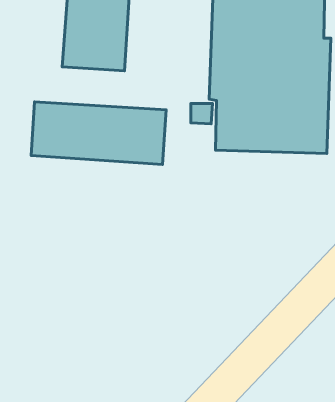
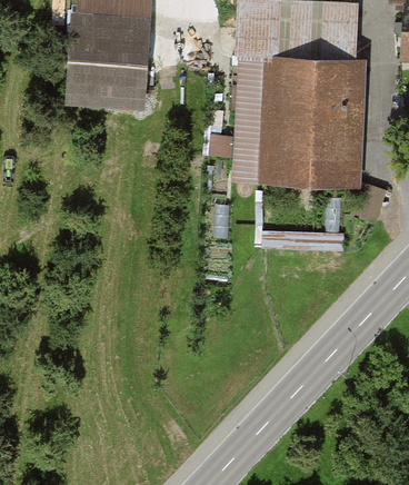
building: [31,102,166,164] -> none

